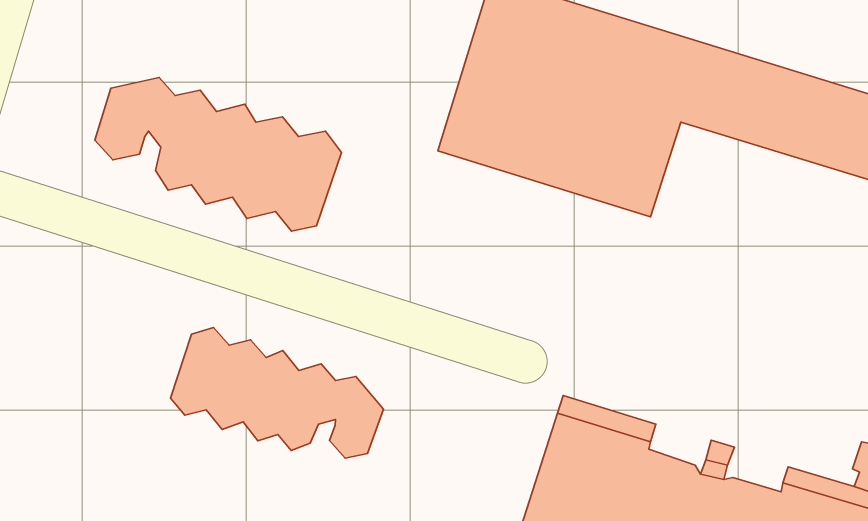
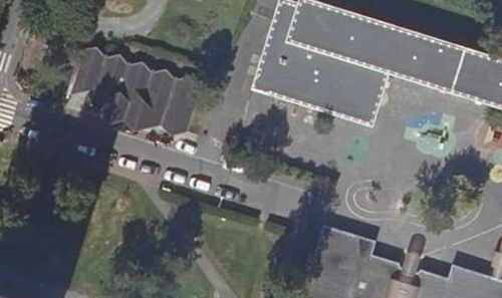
building: [170,327,384,458] -> none

